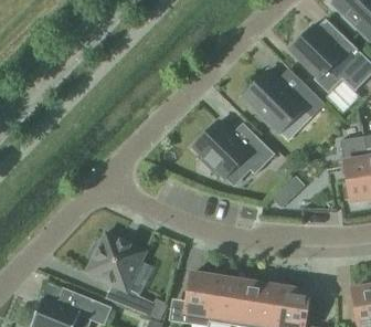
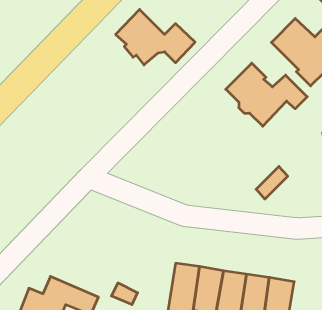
building: [193,120,274,177] -> [116,9,195,65]
building: [86,232,146,291] -> none

